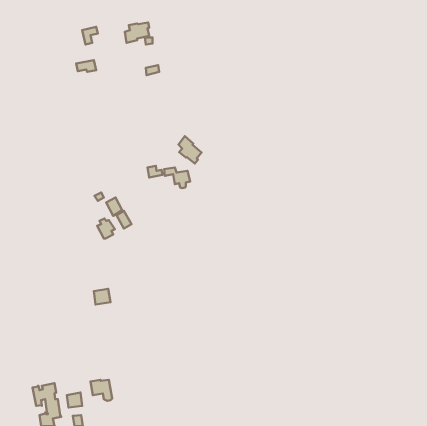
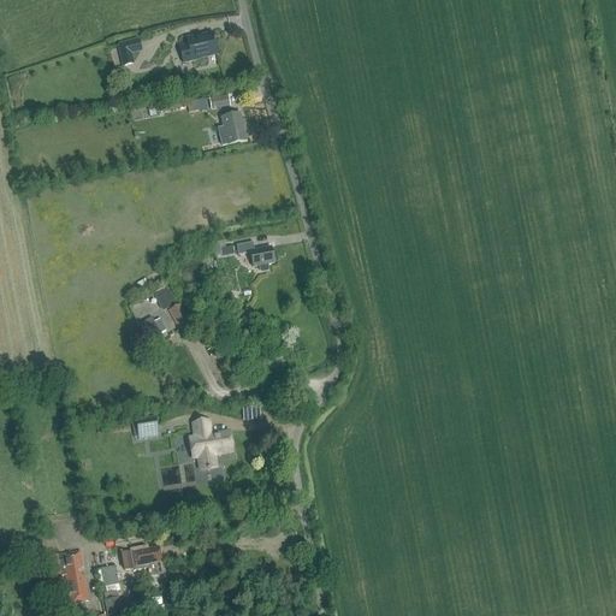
building: none -> [220,112,247,143]
building: [179,136,202,164] -> none
building: none -> [189,420,233,468]

